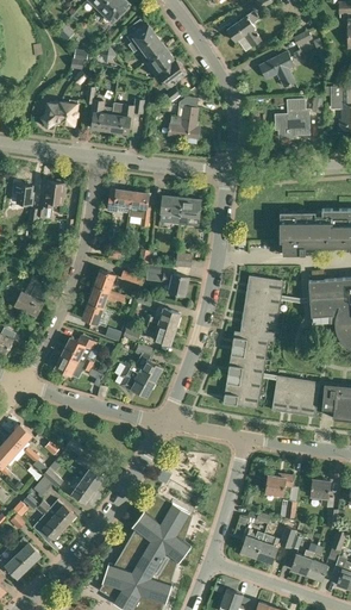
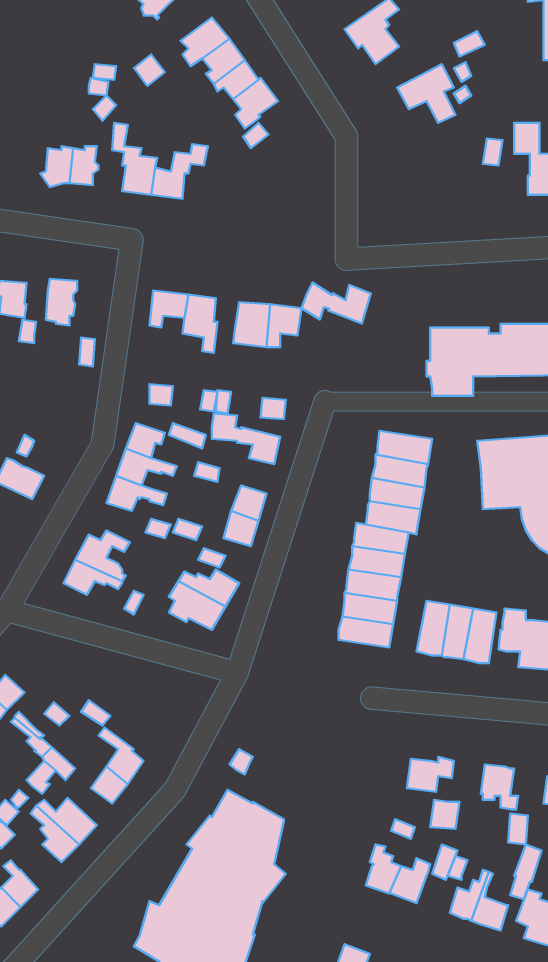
building: [275,99,306,138] -> none
building: [167,106,199,143] -> none
building: none -> [302,282,371,323]

